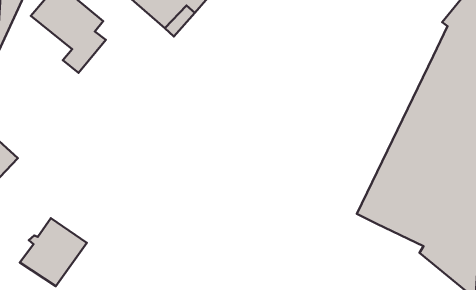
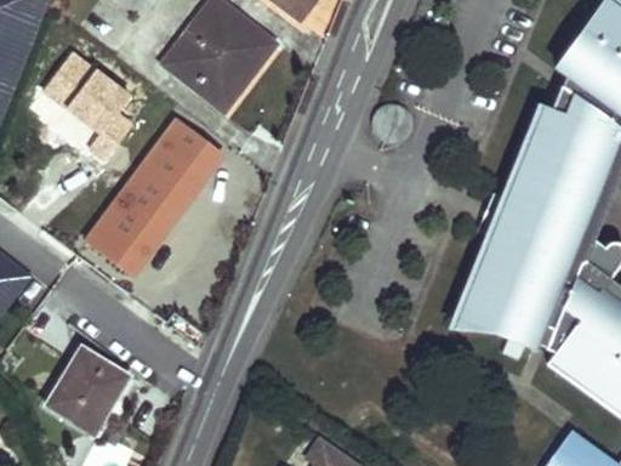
building: none -> [86,120,220,273]
building: none -> [450,108,547,328]

